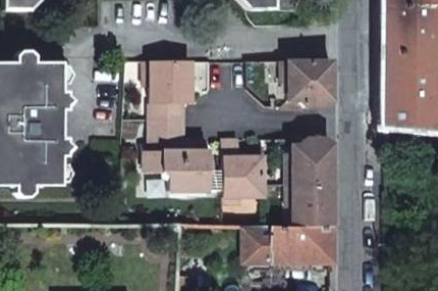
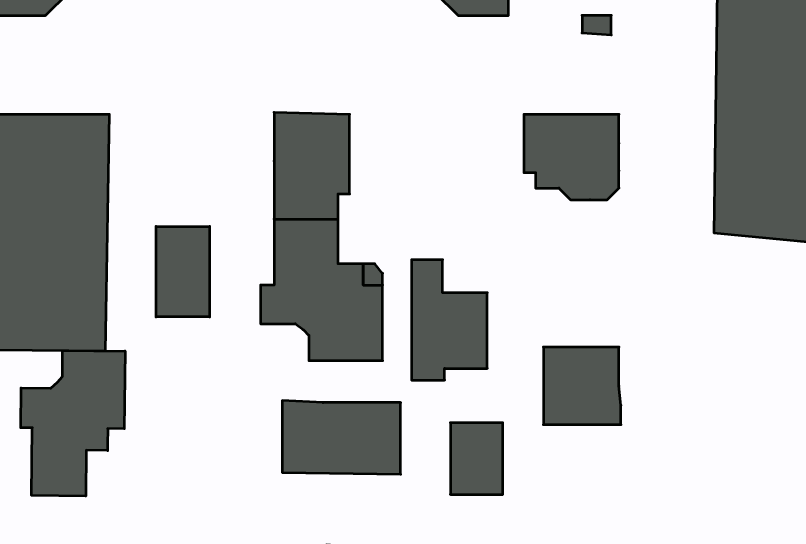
building: none -> [156,226,210,317]
building: [295,139,335,185] -> none
building: none -> [21,351,125,496]
building: [274,225,336,263] -> [282,401,401,474]

